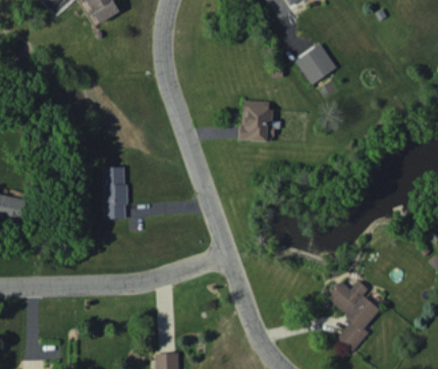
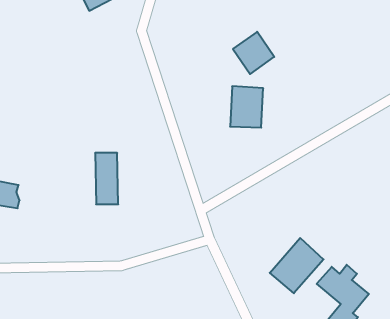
building: [294,42,336,84] -> [233,32,274,74]
building: none -> [270,238,324,293]

